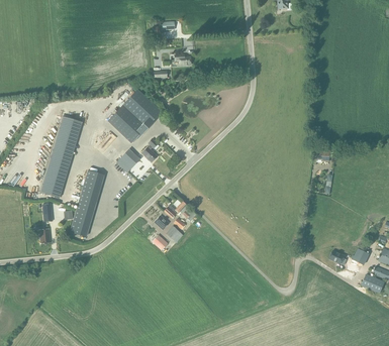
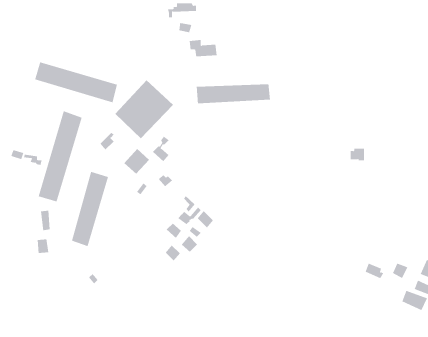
building: none -> [34,62,117,103]
building: none -> [196,83,270,104]

